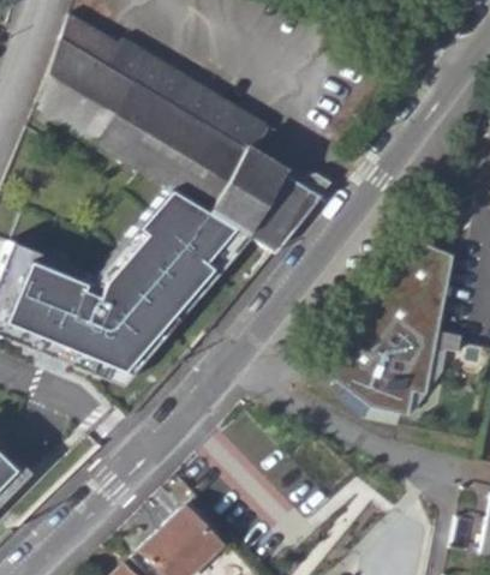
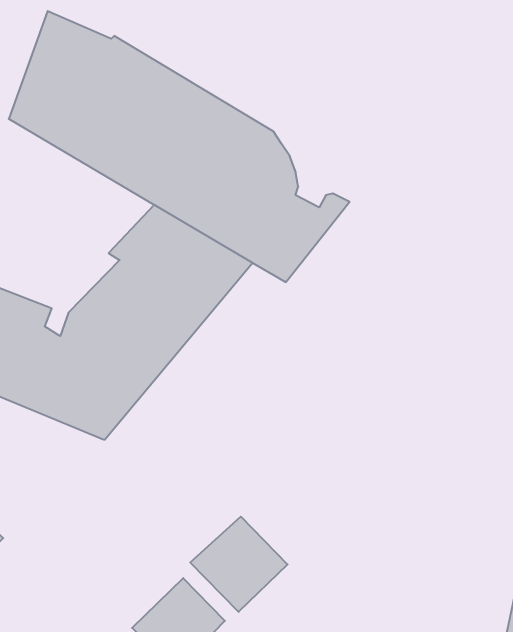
building: [324,242,455,415] -> none
building: none -> [190,517,288,612]

